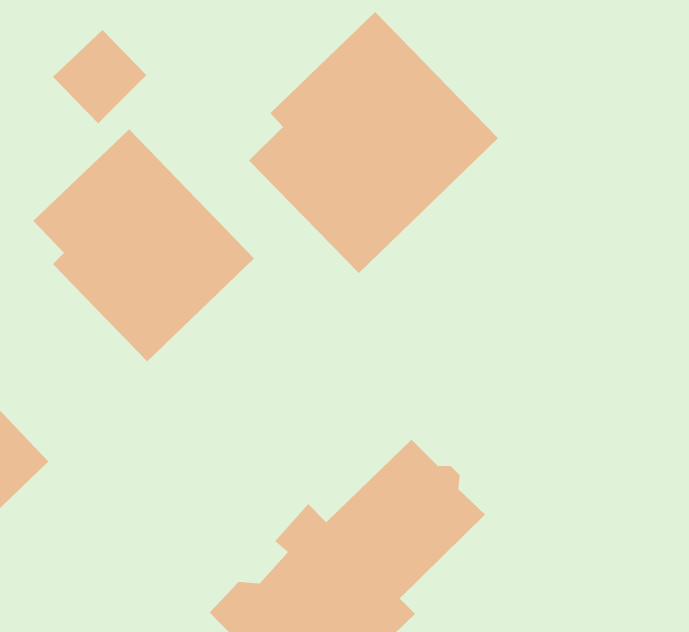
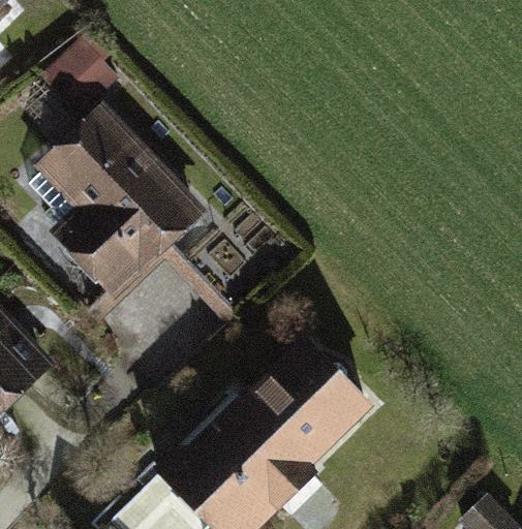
building: [248,11,499,274] -> none

